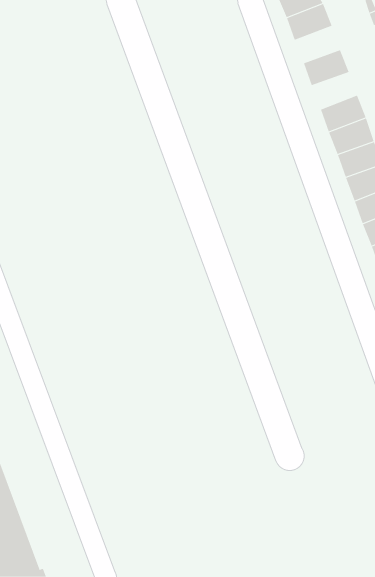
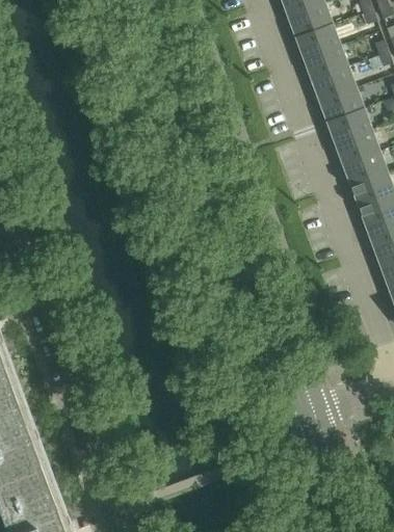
building: none -> [296,25,339,59]
building: none -> [312,68,354,102]

